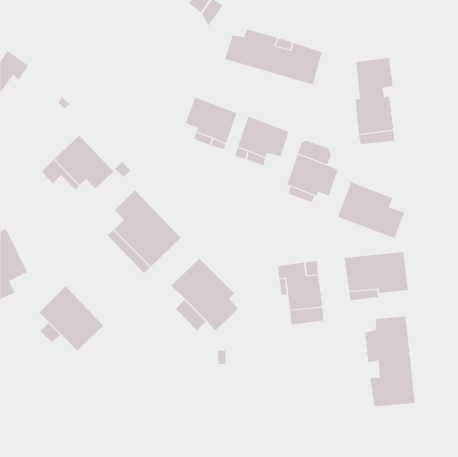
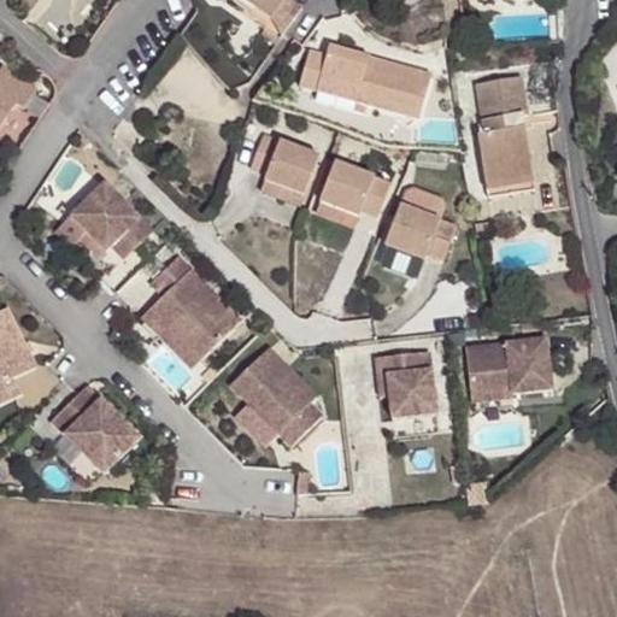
building: [337,182,405,239] -> none
building: [365,315,415,407] -> none

